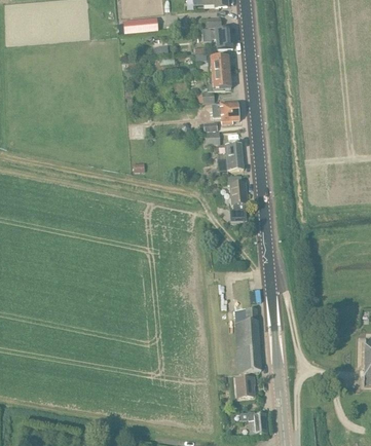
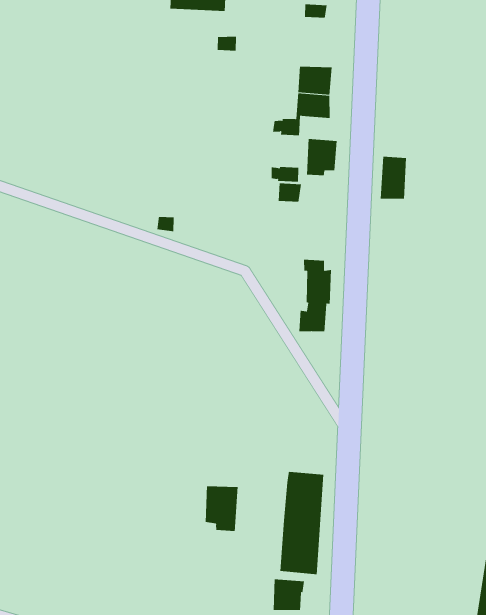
building: [202,27,233,48] -> none
building: [227,143,245,171] -> [380,156,407,199]
building: none -> [205,486,238,532]

